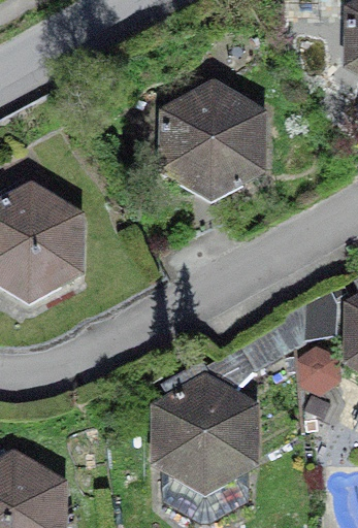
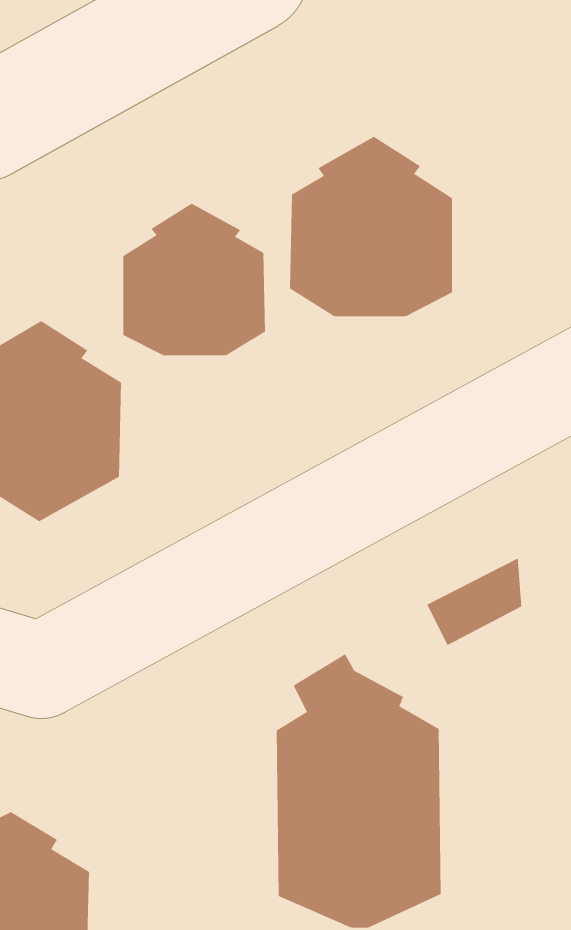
building: none -> [123,203,265,356]

